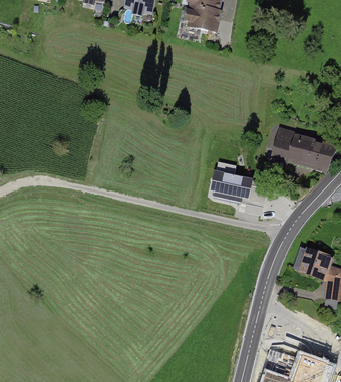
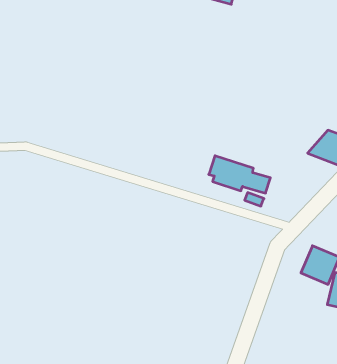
building: [270,126,312,161] -> none

